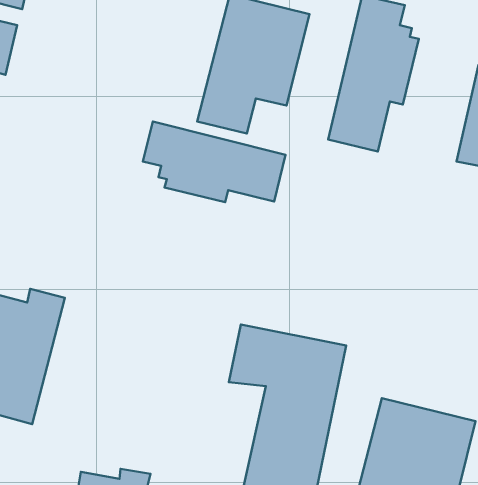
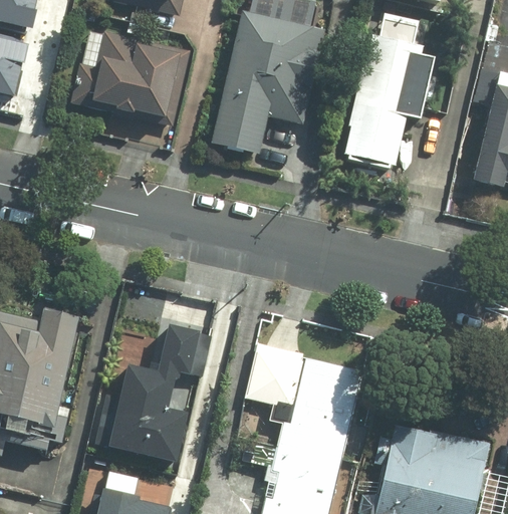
building: none -> [72,27,191,125]
building: [143,122,286,202] -> none
building: none -> [95,323,208,468]

